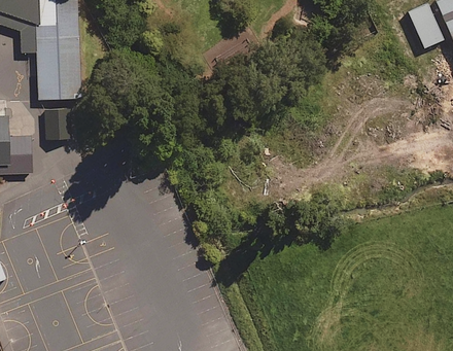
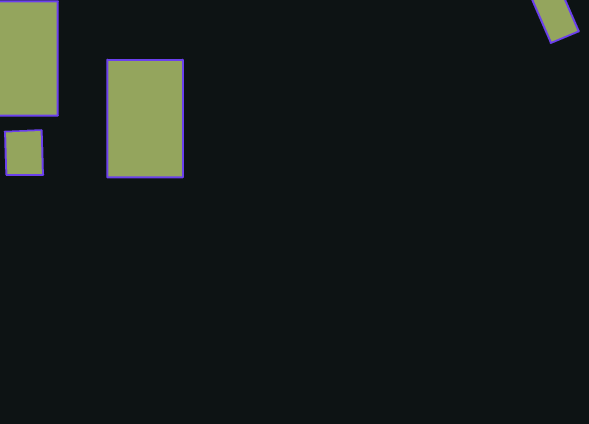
building: none -> [107,60,183,177]

